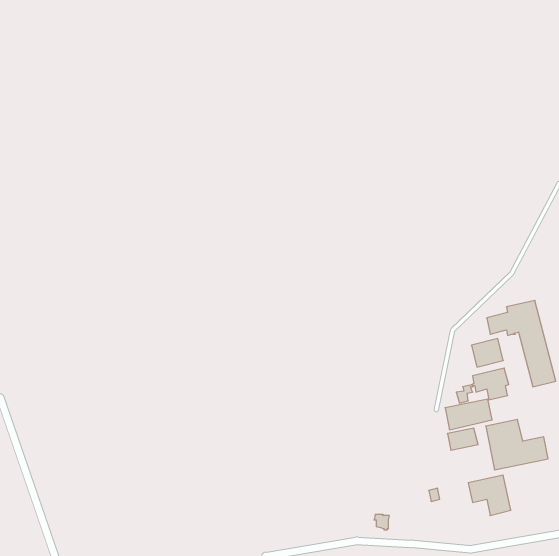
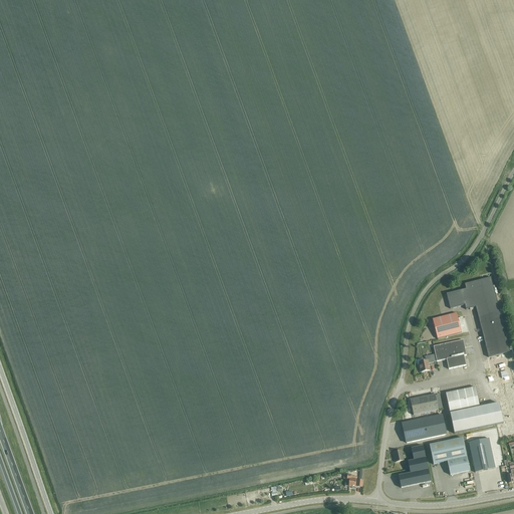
building: [445,399,492,430] -> [403,414,446,442]
building: none -> [469,437,495,471]
building: none -> [399,445,431,487]

